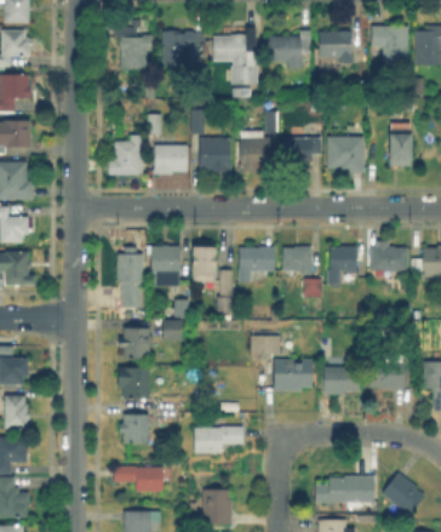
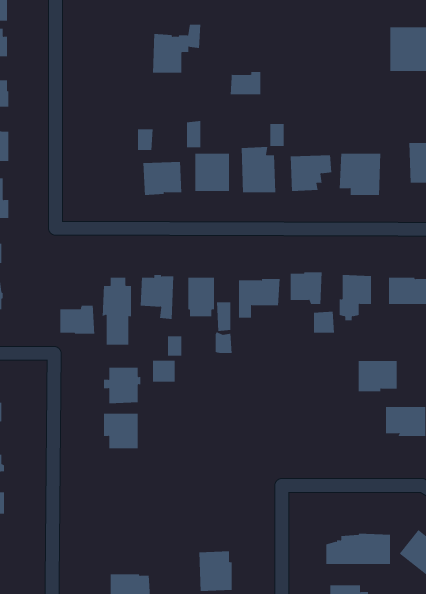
building: [115,23,153,68] -> none
building: [319,25,362,57] -> none
building: [213,29,257,67] -> none
building: [268,30,311,67] -> none
building: [113,138,143,171] -> none
building: none -> [60,305,95,335]
building: [252,330,282,355] -> none
building: [274,360,313,391] -> none
building: [325,366,360,394] -> [358,360,397,392]
building: [119,414,148,445] -> none
building: [195,427,244,452] -> none
building: [114,467,164,493] -> none

